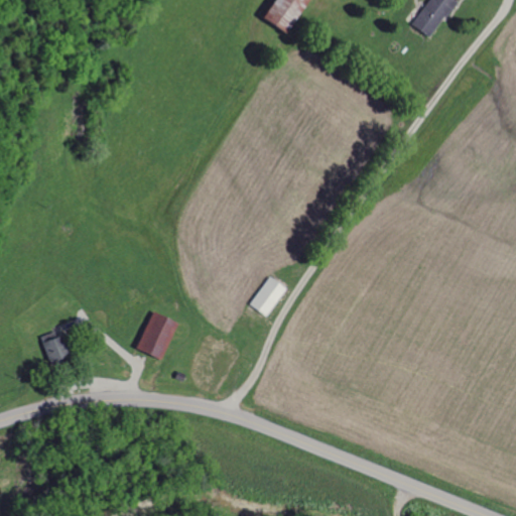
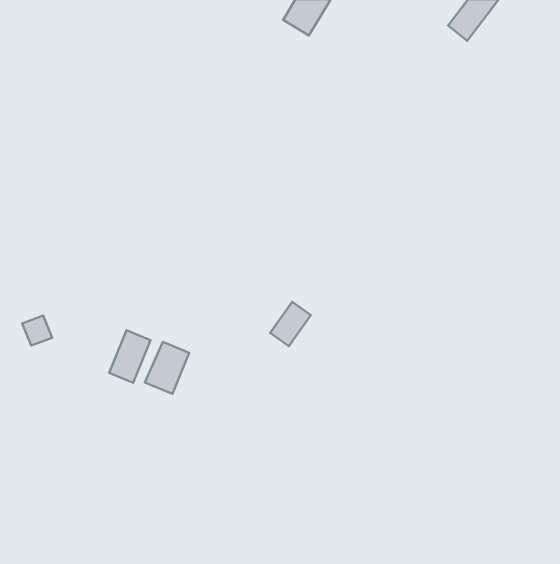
building: none -> [109,330,151,383]
building: [43,335,71,362] -> [22,316,52,345]

